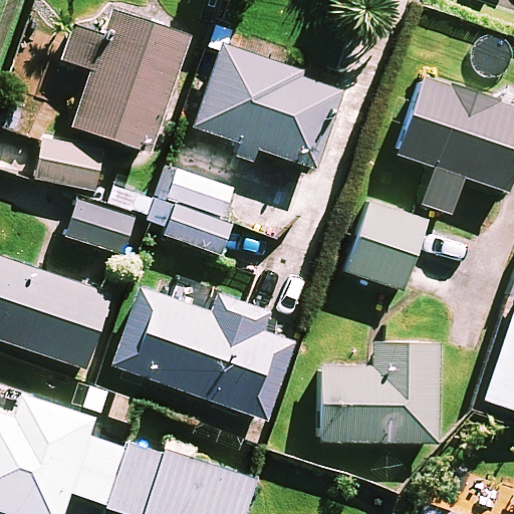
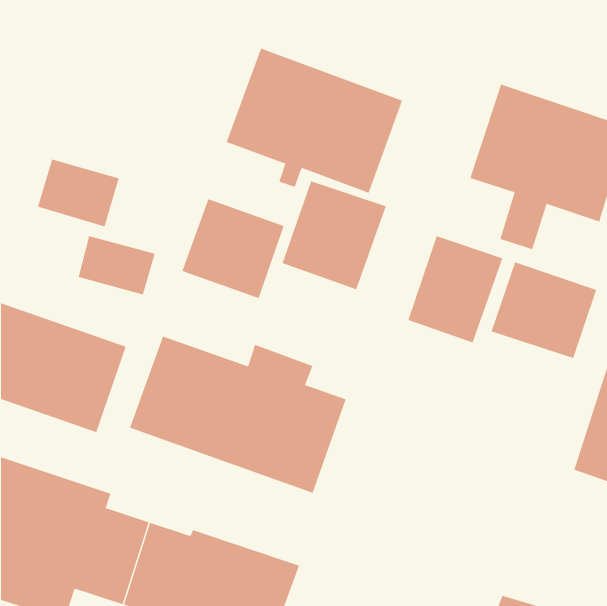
building: [63,9,189,151] -> none
building: none -> [282,180,386,290]
building: none -> [491,262,597,359]
building: [320,340,440,443] -> none

